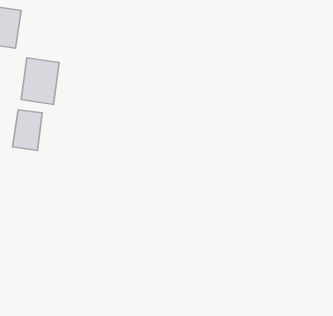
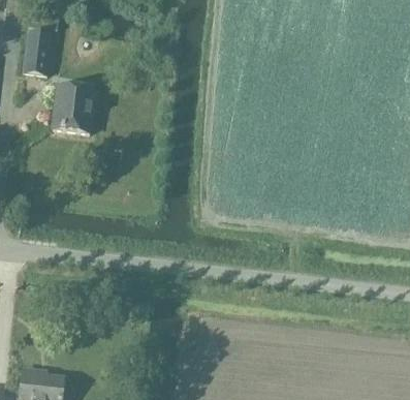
building: [13,110,42,150] -> none

